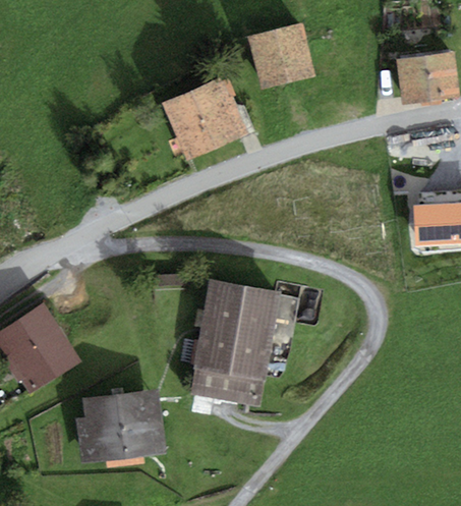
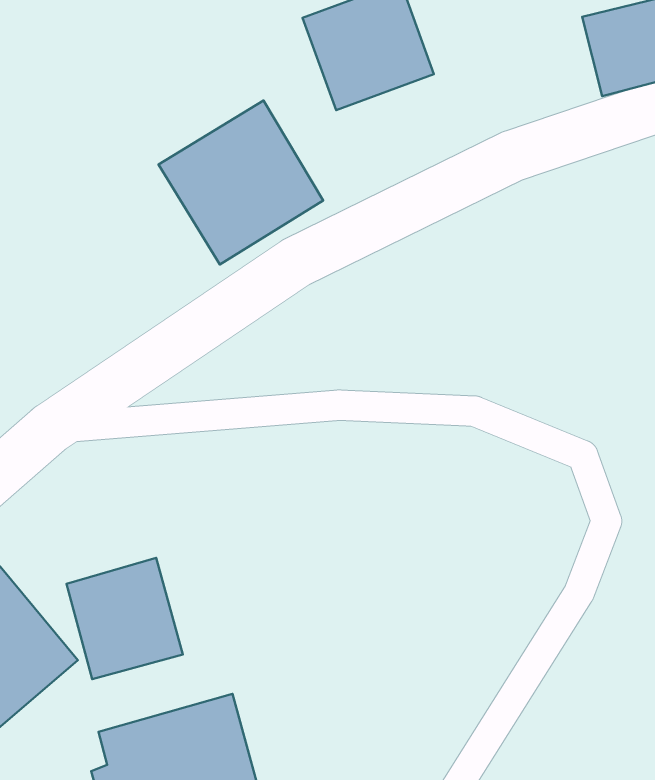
building: [189,278,282,407] -> none
building: none -> [66,558,183,679]

